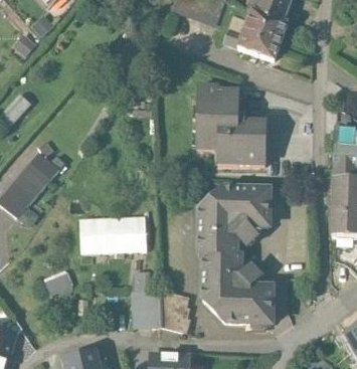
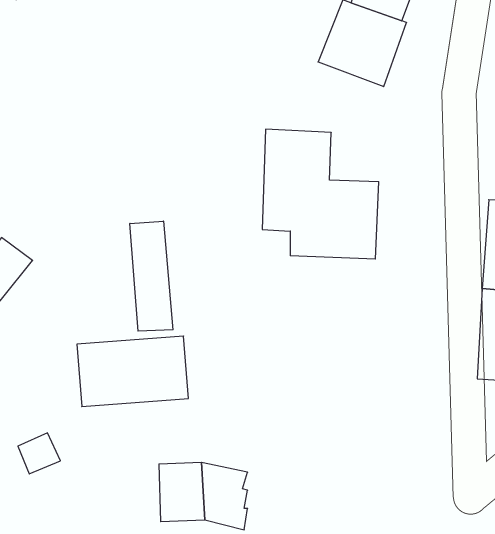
building: none -> [130,221,173,331]
building: [199,186,270,321] -> none

